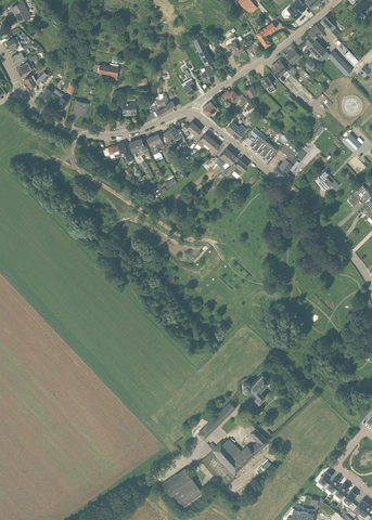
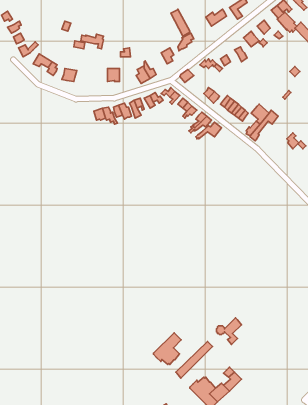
building: none -> [154,333,181,365]

